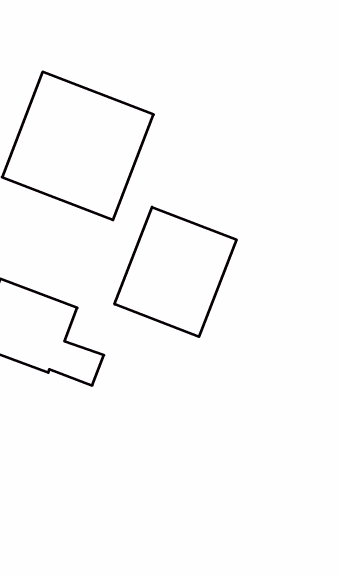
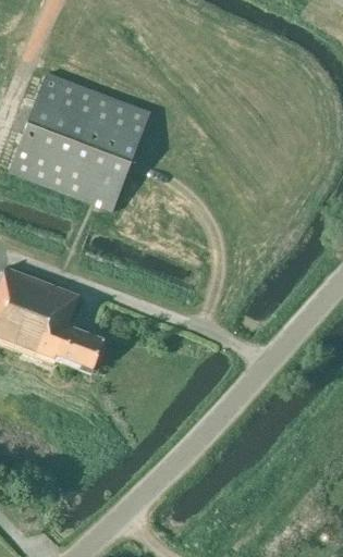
building: [115,207,236,337] -> none

